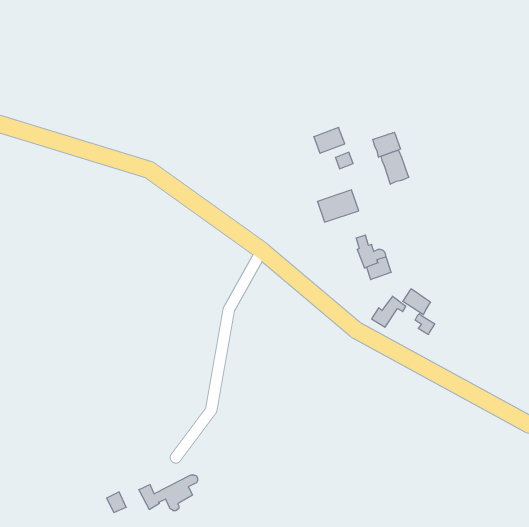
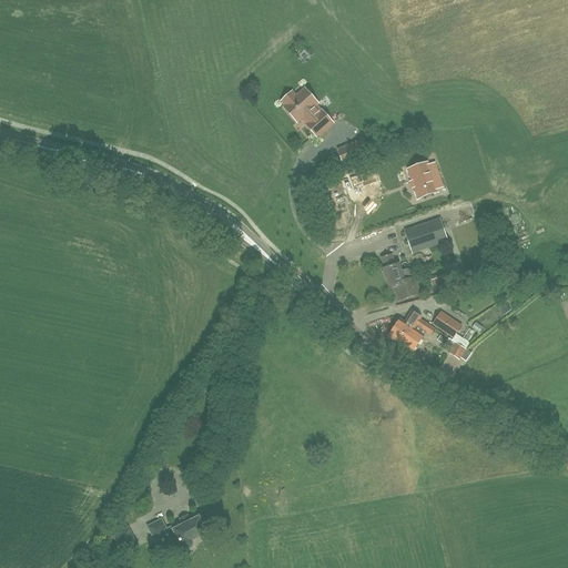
building: none -> [282,88,332,134]
building: [373,132,400,157] -> none
building: [317,190,359,222] -> [404,217,448,252]
building: none -> [388,310,423,342]

